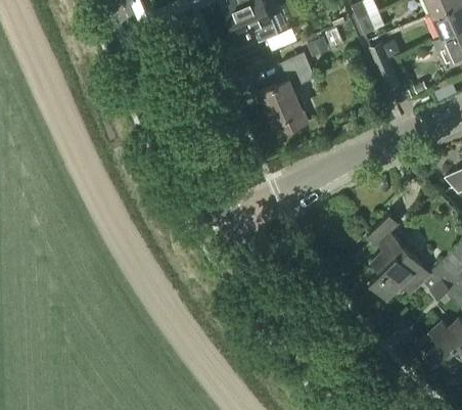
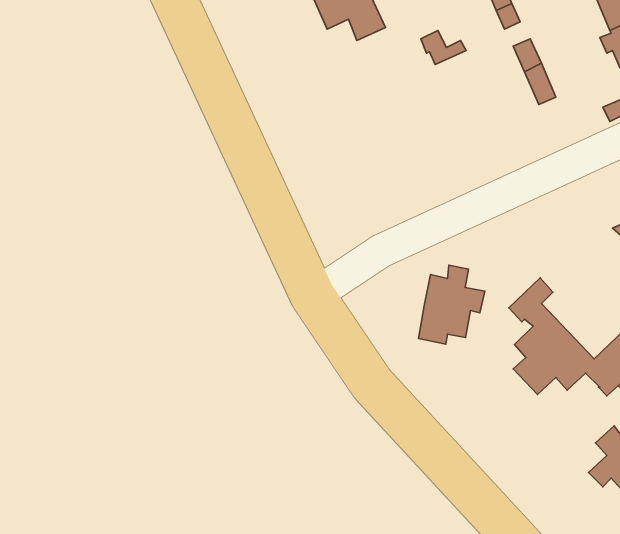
building: [261,52,315,135] -> none
building: none -> [419,265,485,344]

